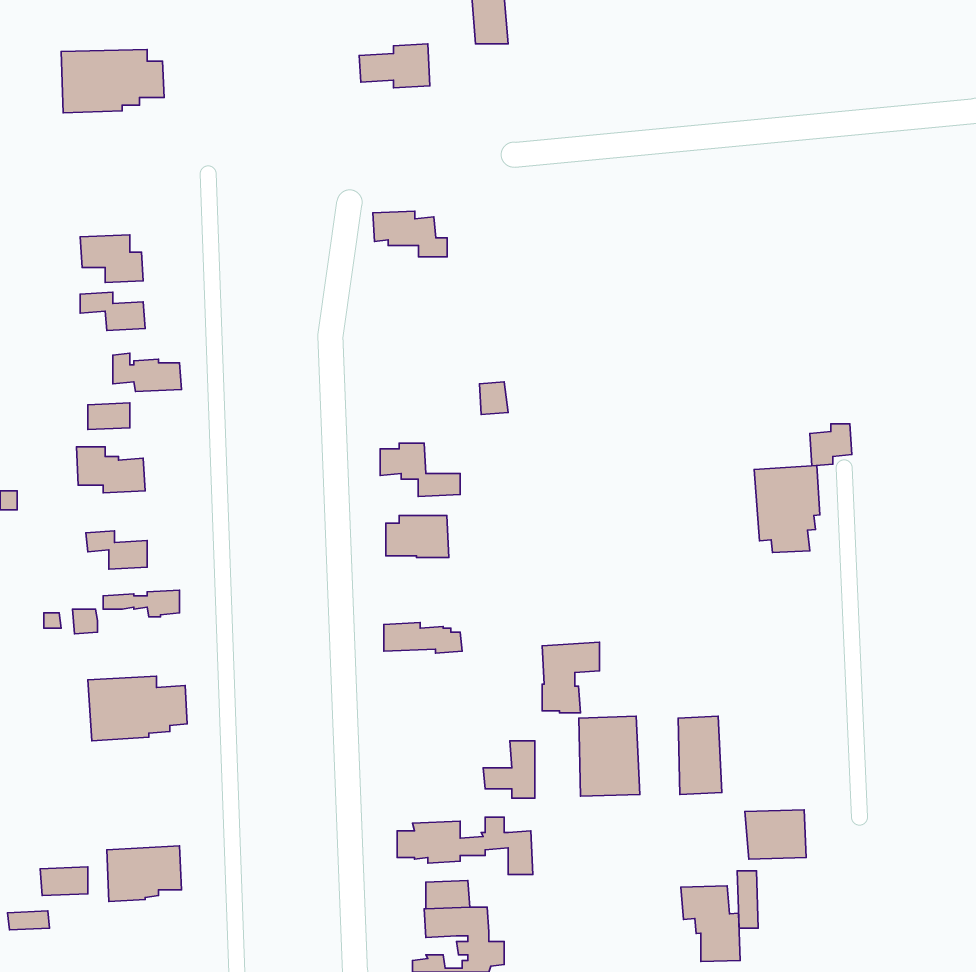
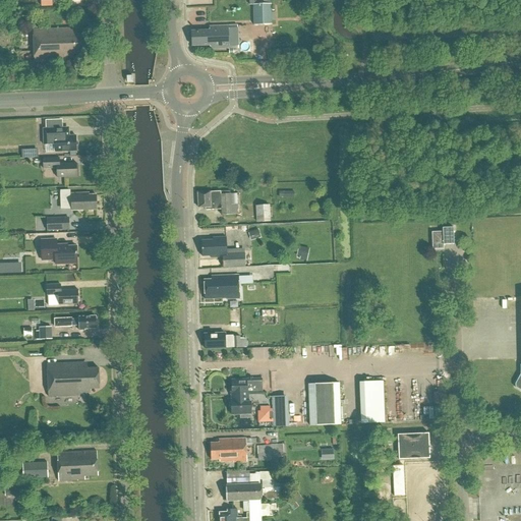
building: [373,211,447,257] -> [197,189,237,214]
building: [754,466,820,553] -> none
building: [542,642,600,713] -> [231,377,262,414]
building: [681,886,740,961] -> none

